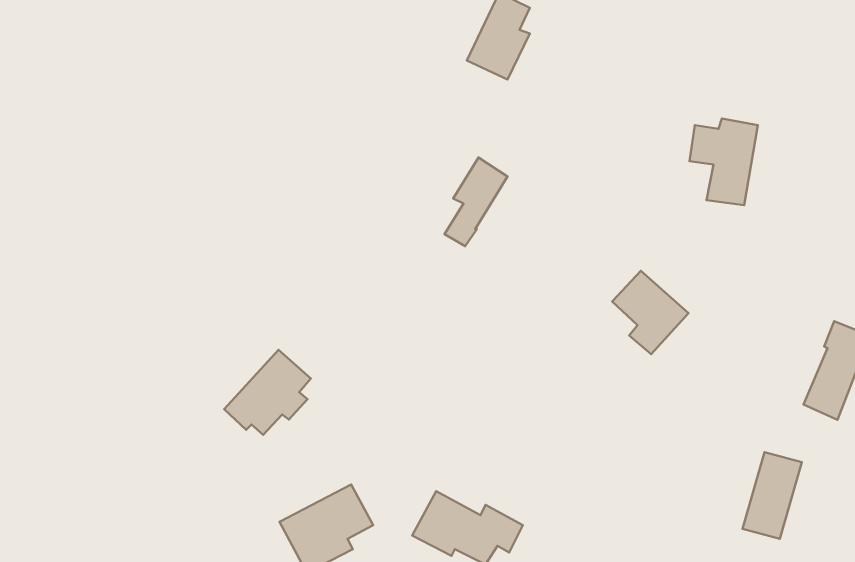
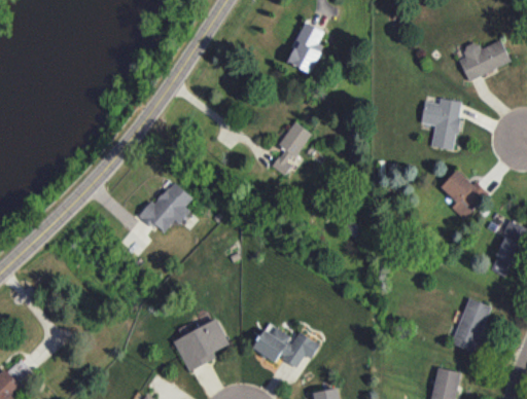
building: none -> [458,40,510,81]
building: [612,271,689,354] -> [440,169,486,219]
building: [224,350,311,435] -> [139,181,191,232]

